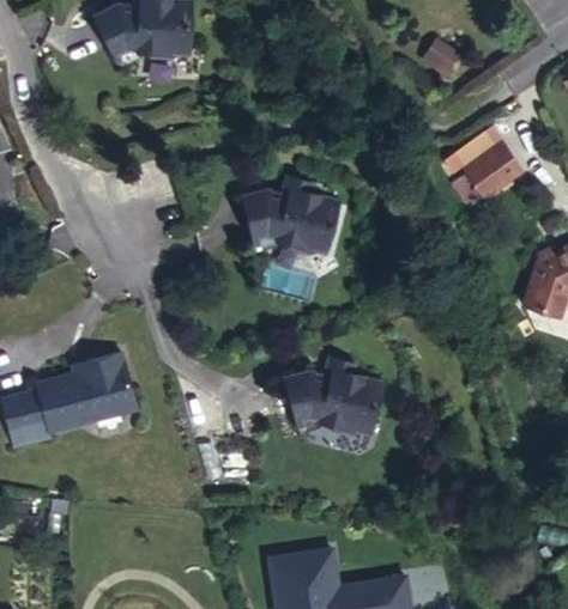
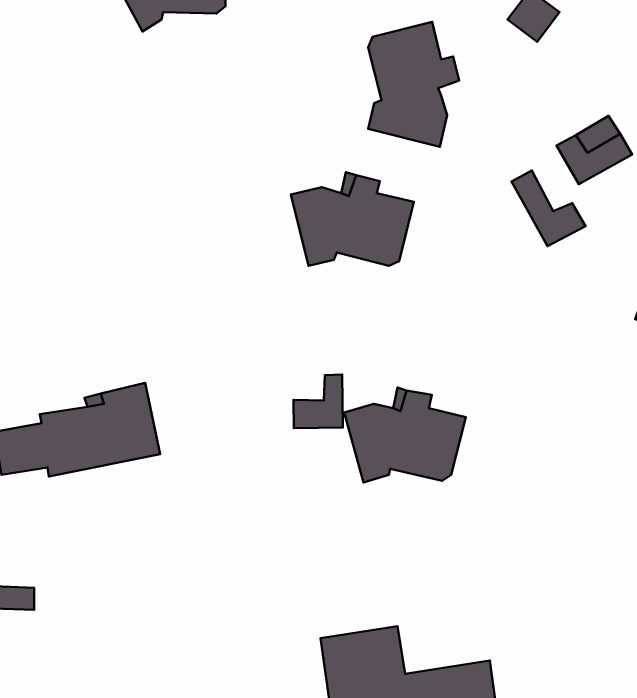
building: none -> [368,22,459,147]
building: none -> [511,171,585,246]
building: none -> [294,375,343,428]

